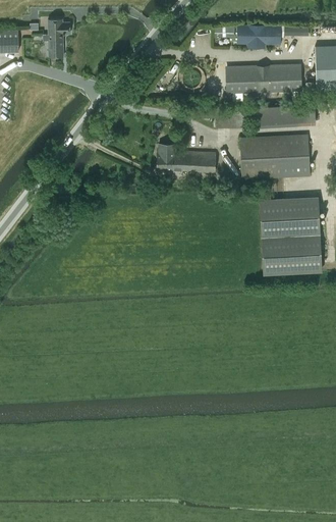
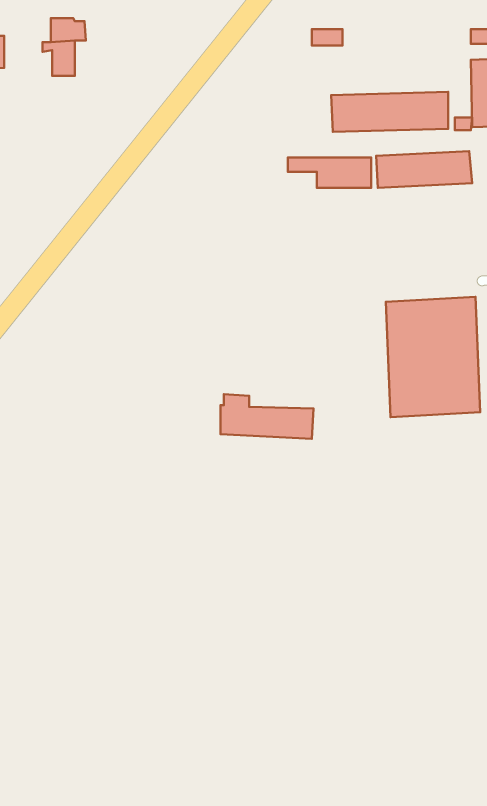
building: [238,25,279,46] -> none
building: [240,134,310,178] -> none
building: [157,143,216,171] -> [220,394,313,439]

